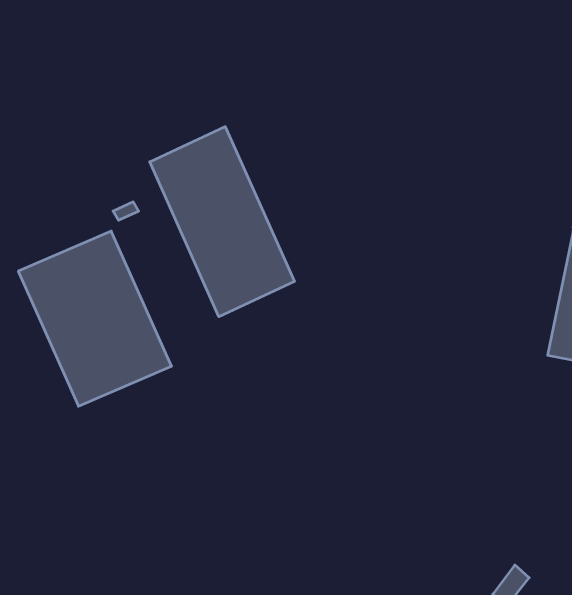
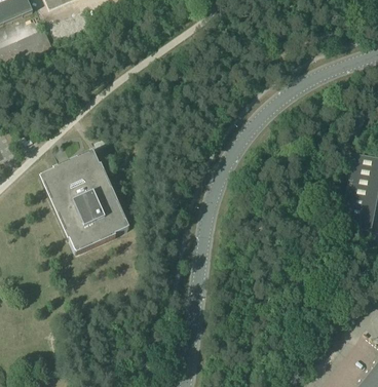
building: [150,127,294,317] -> none

